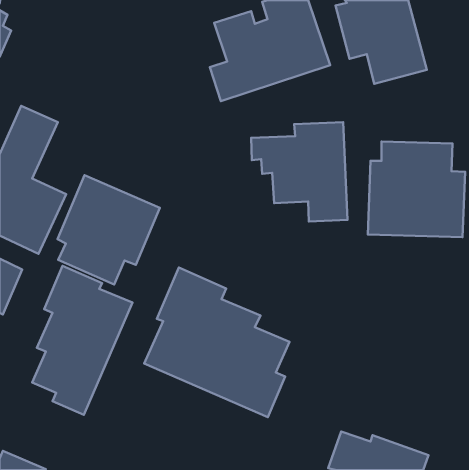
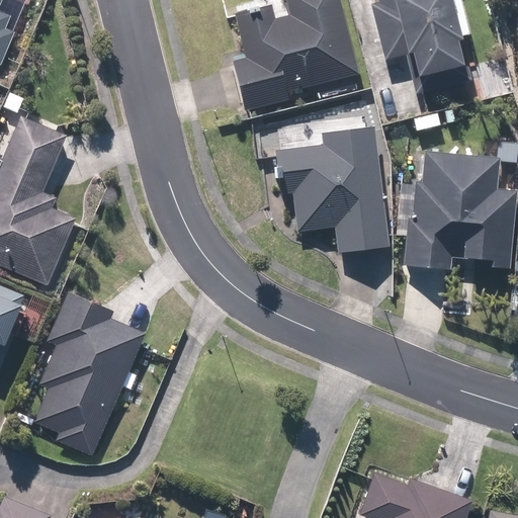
building: [57,175,160,285] -> none
building: [144,268,290,417] -> none

